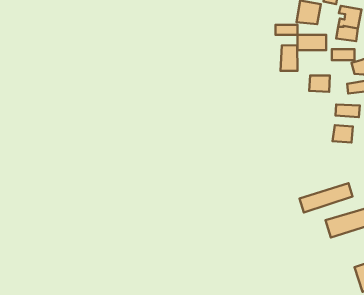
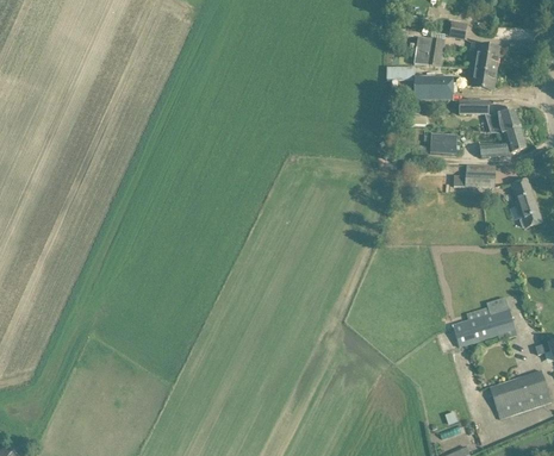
building: [280,45,297,71] -> none
building: [333,125,353,142] -> none
building: [300,183,352,212] -> none

